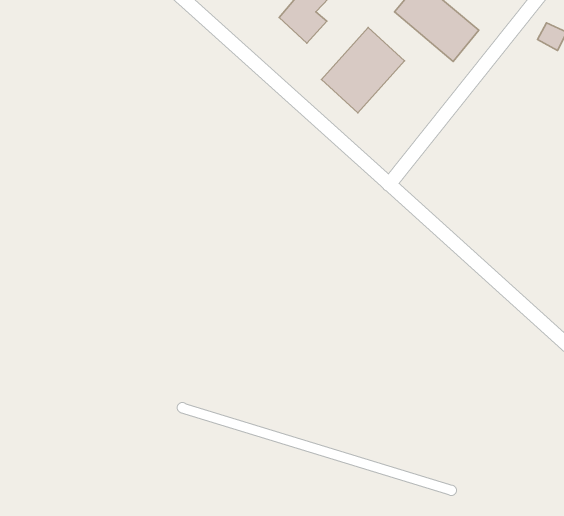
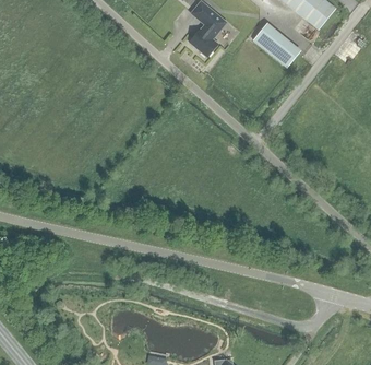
building: [321,28,404,113] -> none

